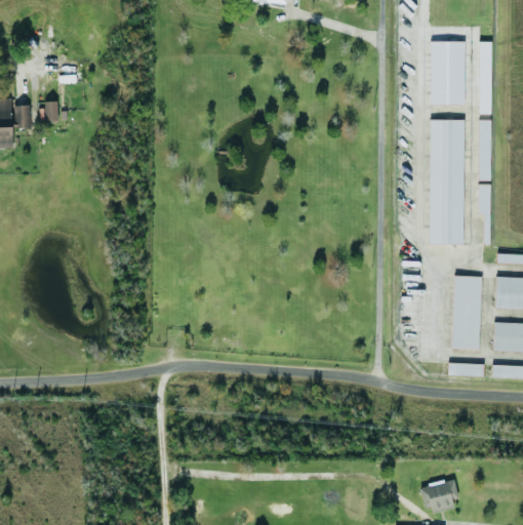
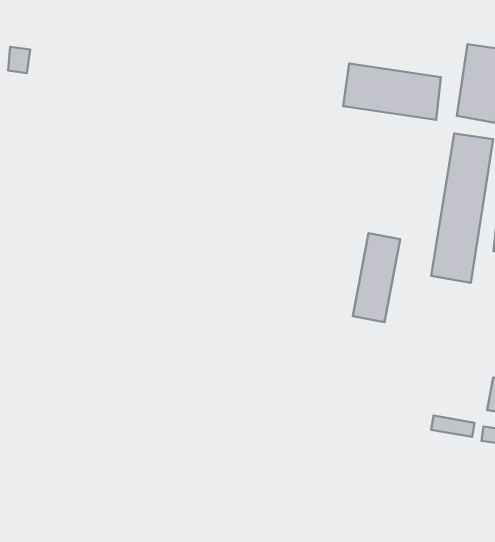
building: none -> [343,64,441,120]
building: [451,275,482,349] -> [353,233,400,322]

